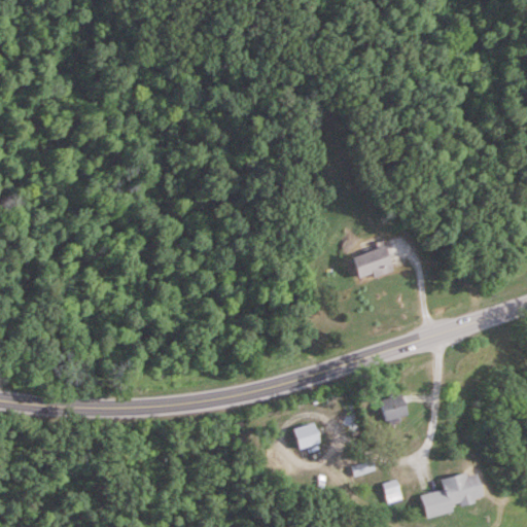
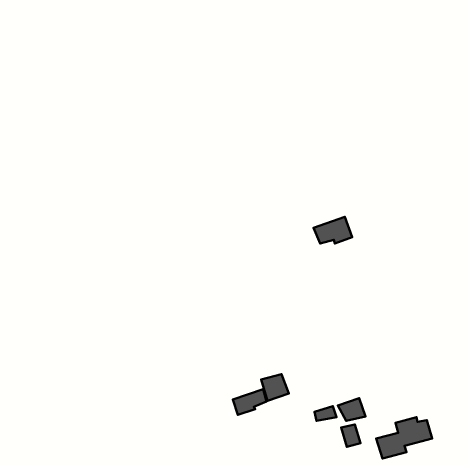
building: [378,394,409,420] -> [338,398,365,421]
building: none -> [233,389,266,415]

